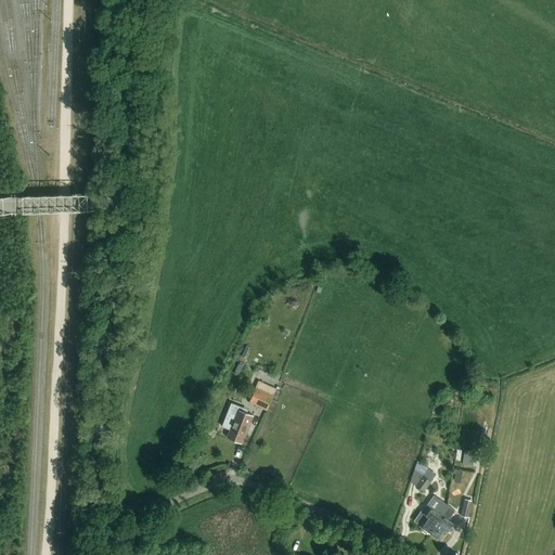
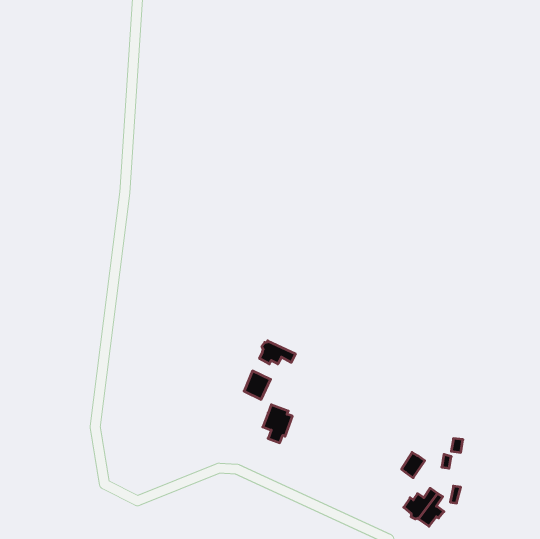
building: none -> [260,341,295,364]
building: [222,402,253,441] -> [263,405,292,443]

